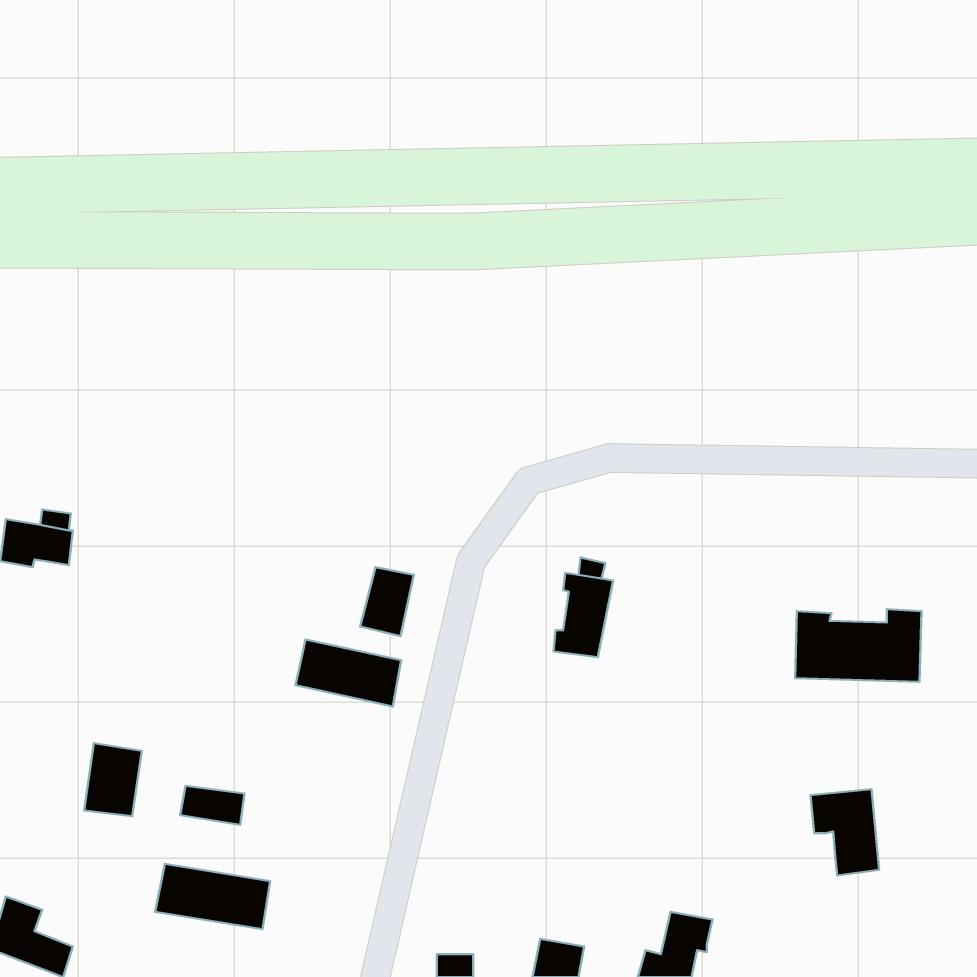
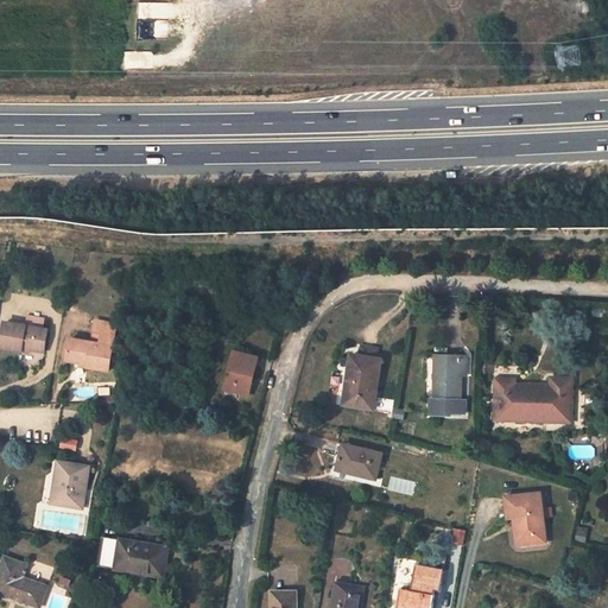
building: none -> [66,322,115,370]
building: none -> [429,354,466,416]
building: [295,640,401,707] -> none
building: none -> [335,444,380,477]
building: [180,786,245,825] -> none

